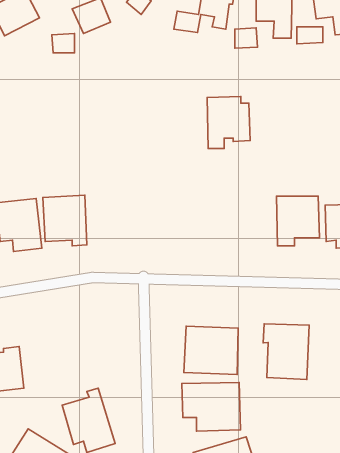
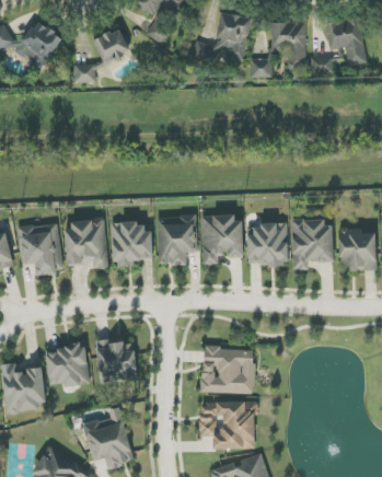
building: [207,96,250,148] -> [201,213,243,264]
building: none -> [157,214,197,264]
building: none -> [112,221,152,263]
building: none -> [247,223,288,265]
building: none -> [96,337,137,381]
building: [263,324,309,379] -> none
building: none -> [45,344,90,386]

